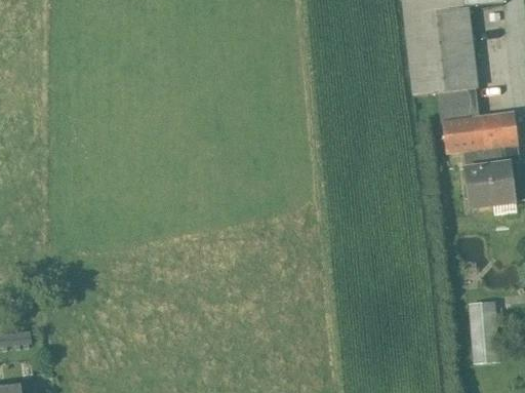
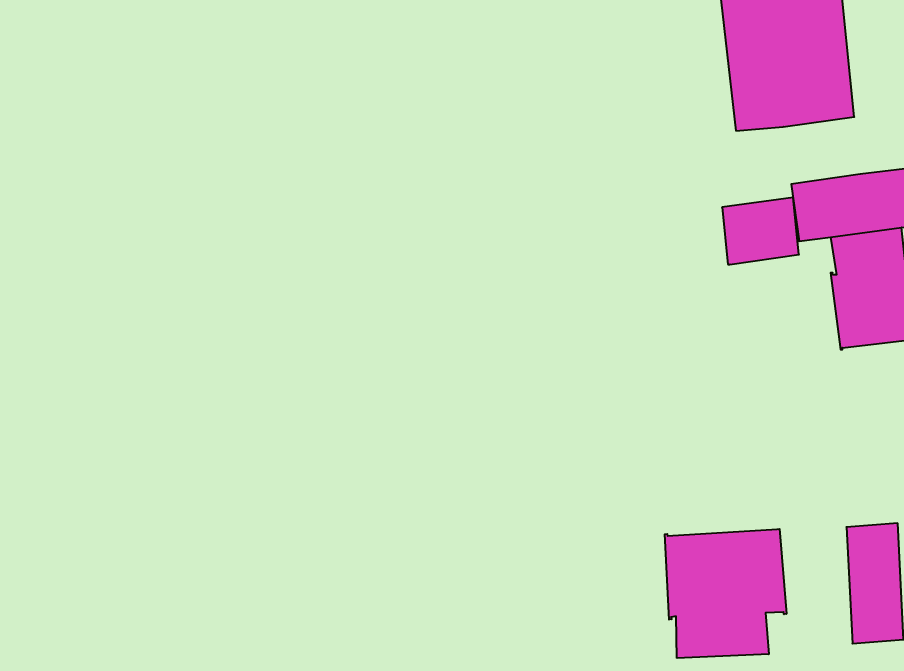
building: [439,86,479,121] -> [722,197,799,264]
building: none -> [665,529,786,658]

